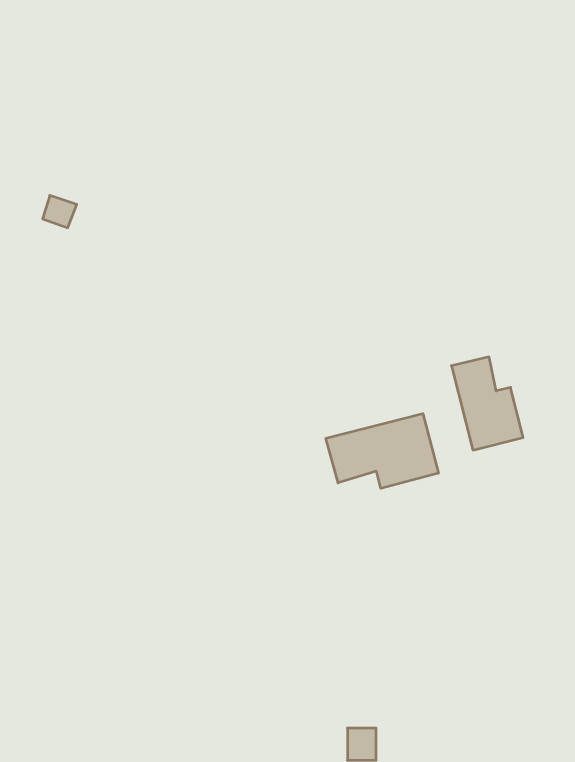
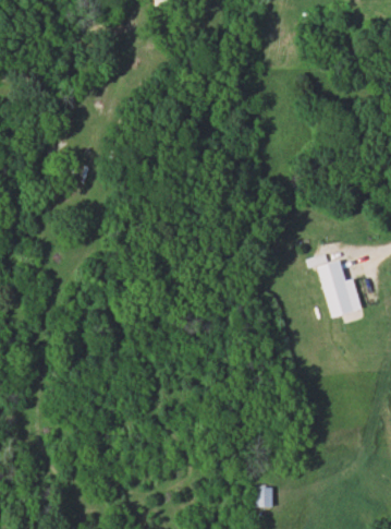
building: [326,414,438,488] -> none

